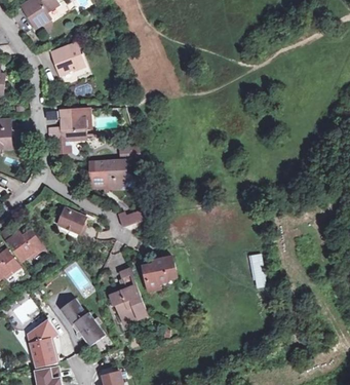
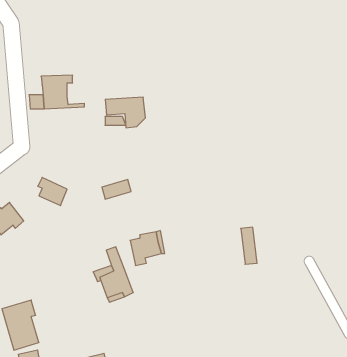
building: [51,42,84,74] -> none
building: [88,159,126,188] -> [105,97,145,128]
building: [57,297,105,346] -> none

